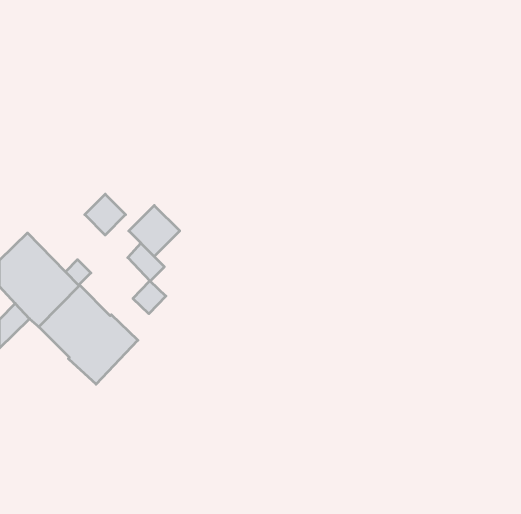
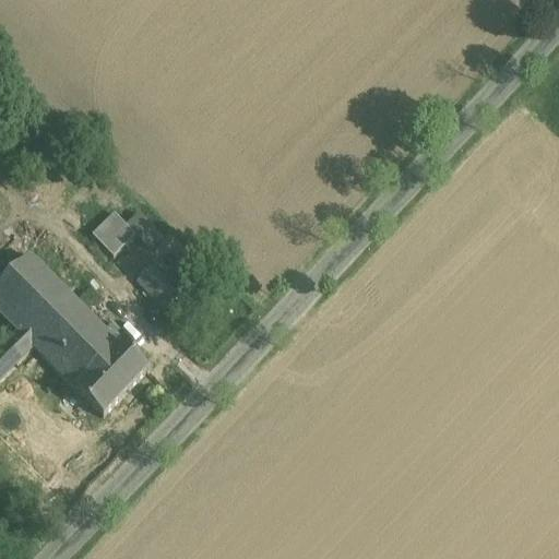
building: [129,205,180,256] -> none
building: [133,281,166,314] -> none

